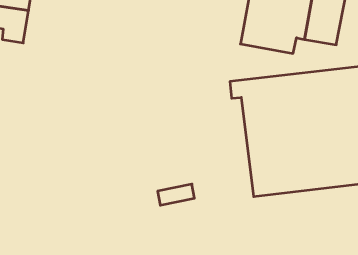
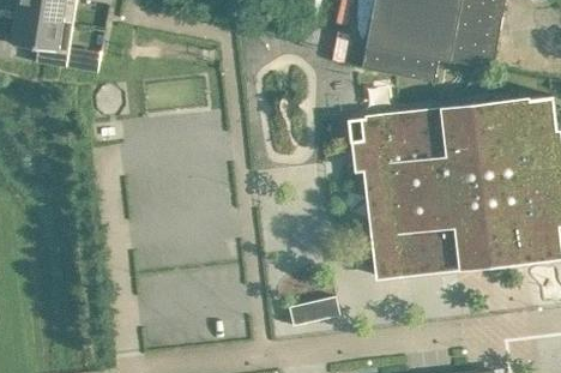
building: [158,184,194,205] -> [289,296,339,325]

